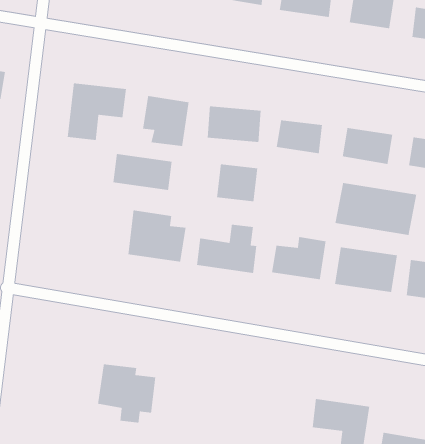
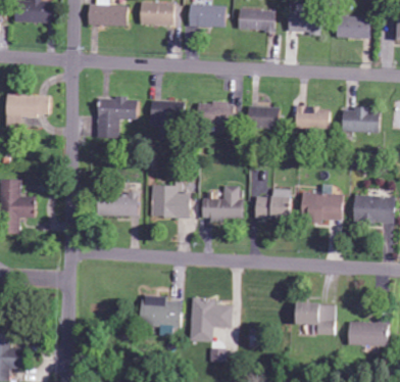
building: [113,153,172,191] -> [97,194,138,217]
building: [216,164,258,202] -> none
building: [335,182,417,236] -> none
building: none -> [190,298,232,342]

